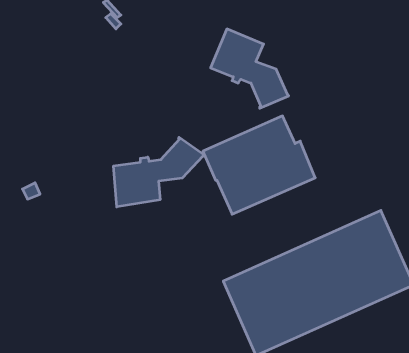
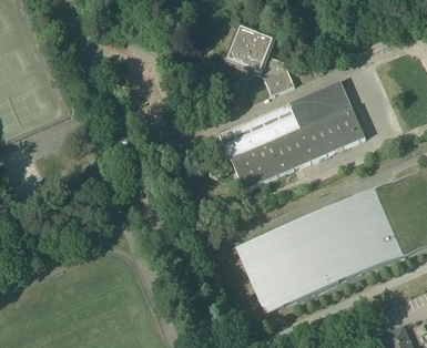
building: none -> [288,80,364,157]
building: [114,137,205,207] -> none

